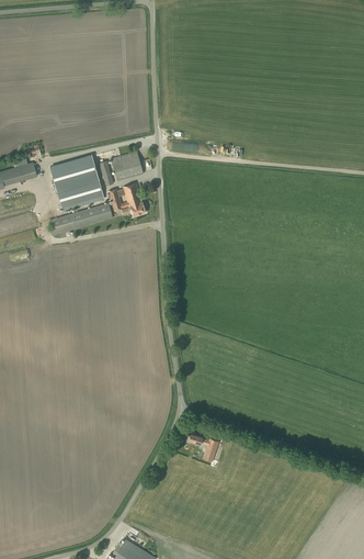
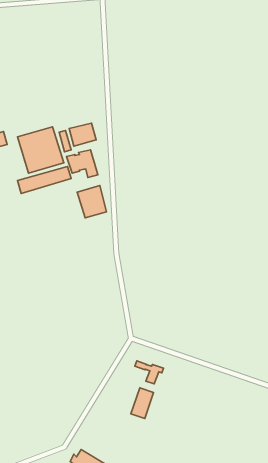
building: none -> [77,186,107,218]
building: none -> [131,388,153,419]

